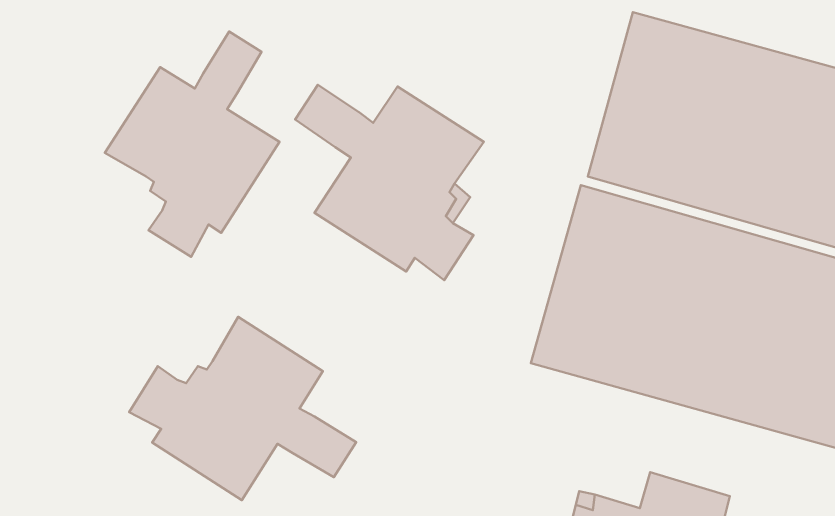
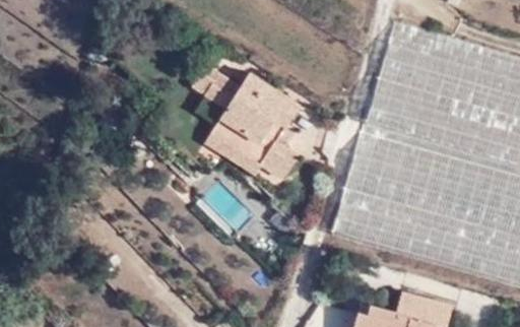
building: [105,31,280,257] -> none
building: [129,317,356,500] -> none

